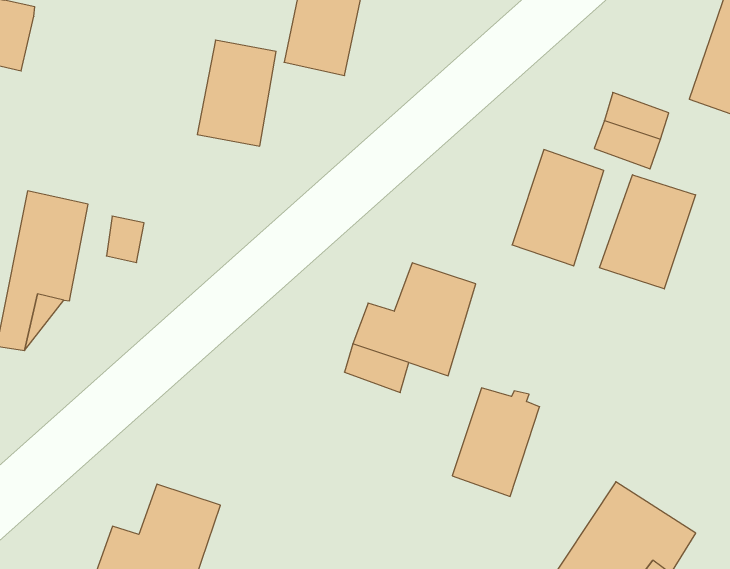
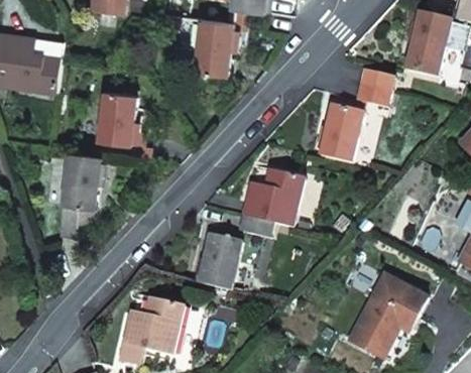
building: [197,40,276,146] -> [96,89,133,142]
building: [599,175,696,289] -> none
building: [452,388,540,496] -> [195,234,237,289]

